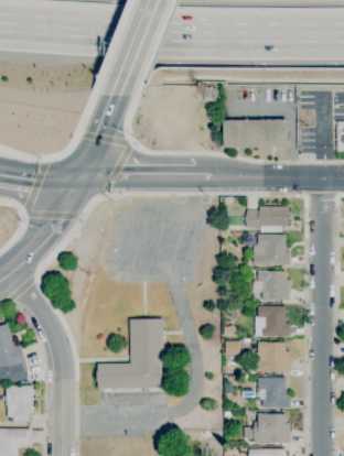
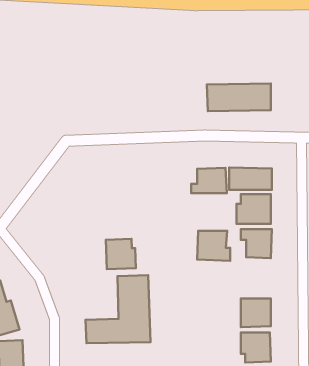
building: none -> [191,168,227,193]
building: none -> [106,239,136,269]
building: [256,306,290,337] -> [197,231,230,261]

